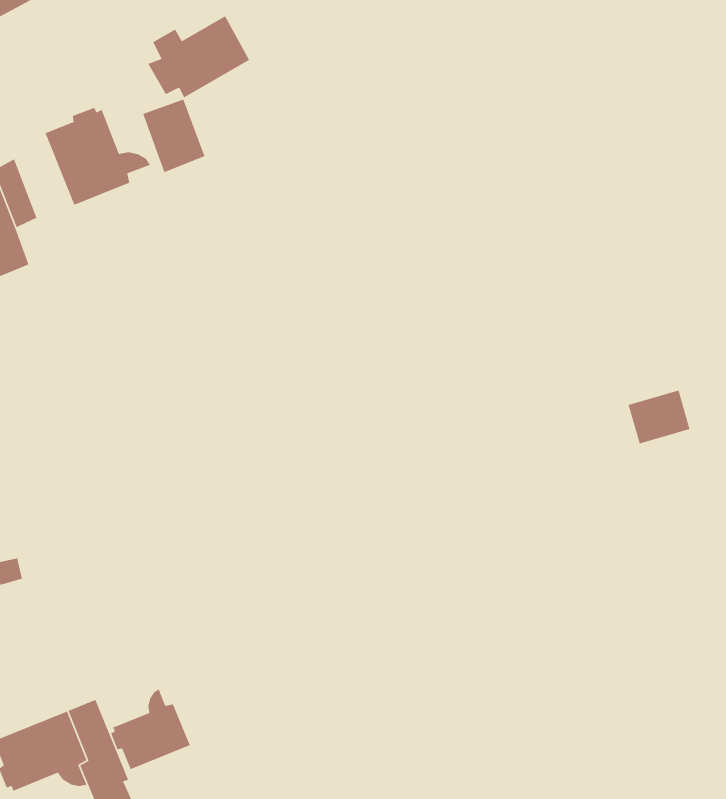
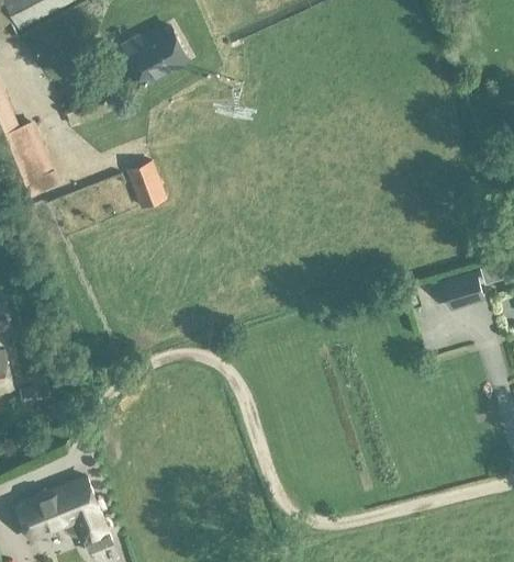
building: [142,98,205,173] -> [125,158,167,207]
building: [45,107,151,206] -> none
building: [110,688,191,770] -> none

